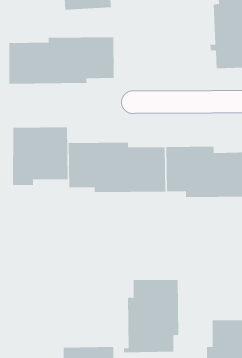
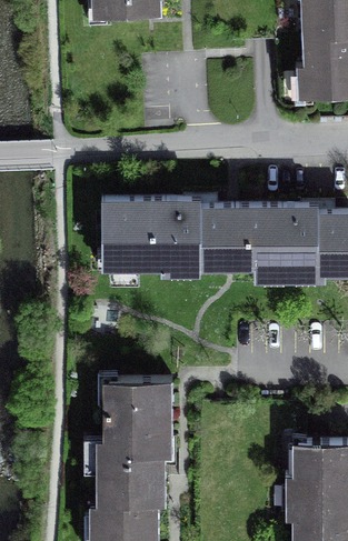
building: [9,37,114,85] -> none
building: [13,126,68,186] -> none
building: [123,279,179,353] -> [95,380,171,480]

